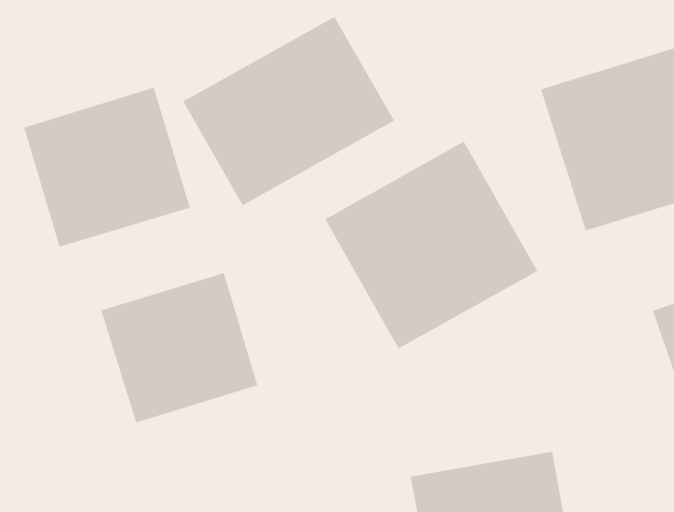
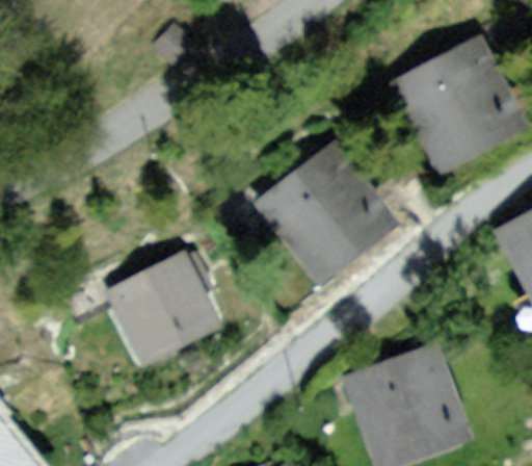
building: [182,16,395,206] -> none
building: [24,87,191,247] -> none

